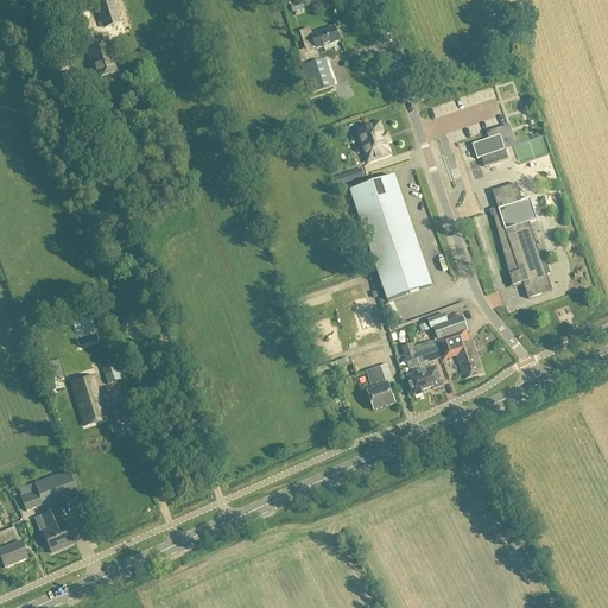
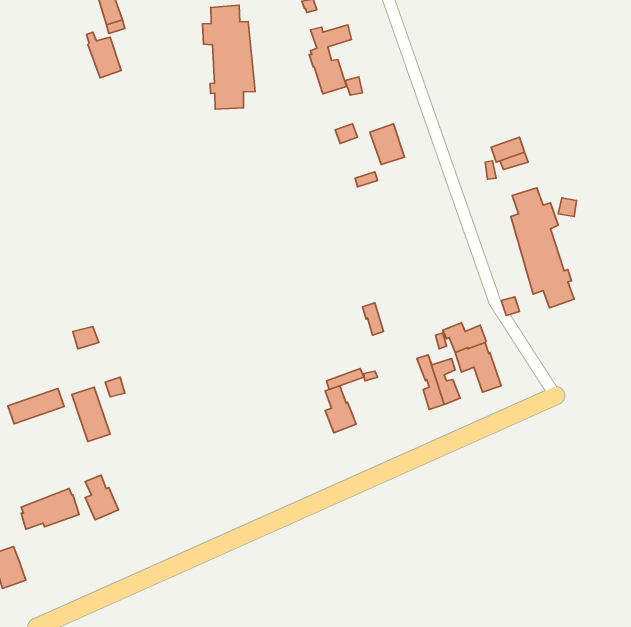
building: none -> [203,5,255,109]
building: [349,172,431,297] -> none
building: [365,363,394,408] -> [325,386,356,433]
building: none -> [8,389,64,424]
building: [40,507,72,550] -> [85,475,119,520]

